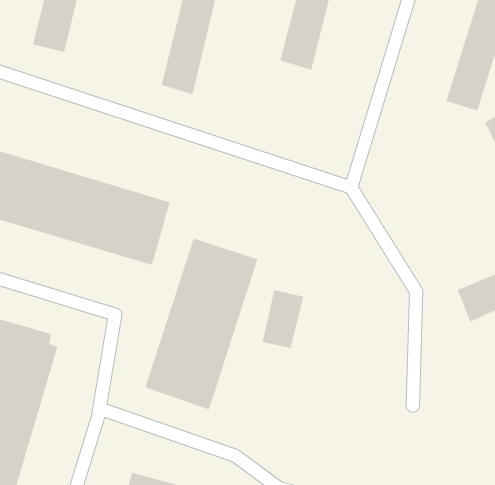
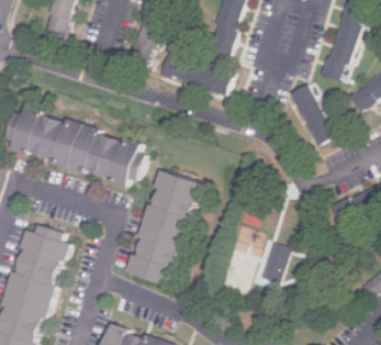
building: none -> [161,55,233,94]
building: none -> [289,84,336,146]
building: [262,290,304,349] -> [259,243,288,282]

